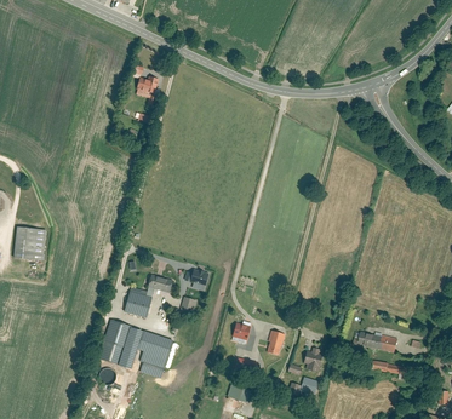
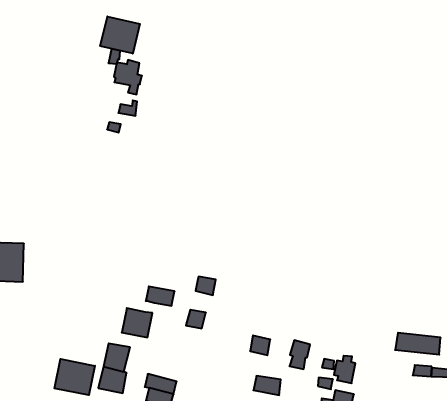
building: none -> [100,16,140,54]
building: [139,329,174,357] -> none
building: none -> [54,359,95,395]

